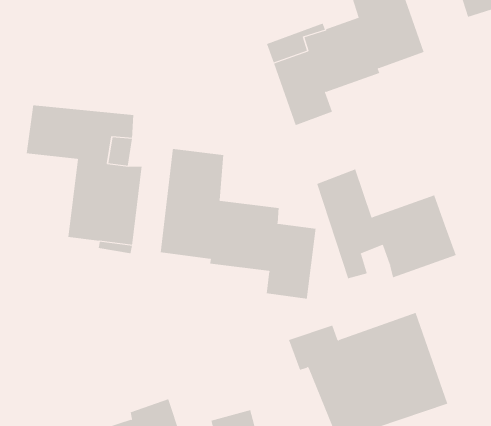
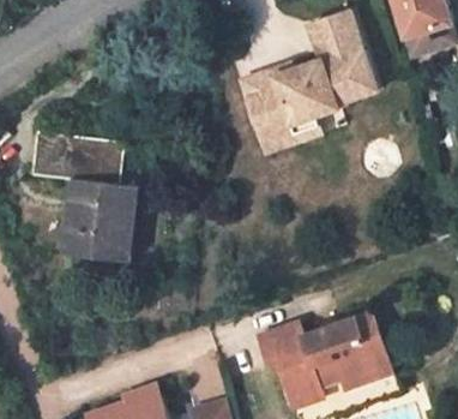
building: [160,148,316,299] -> none
building: [316,169,456,279] -> none

